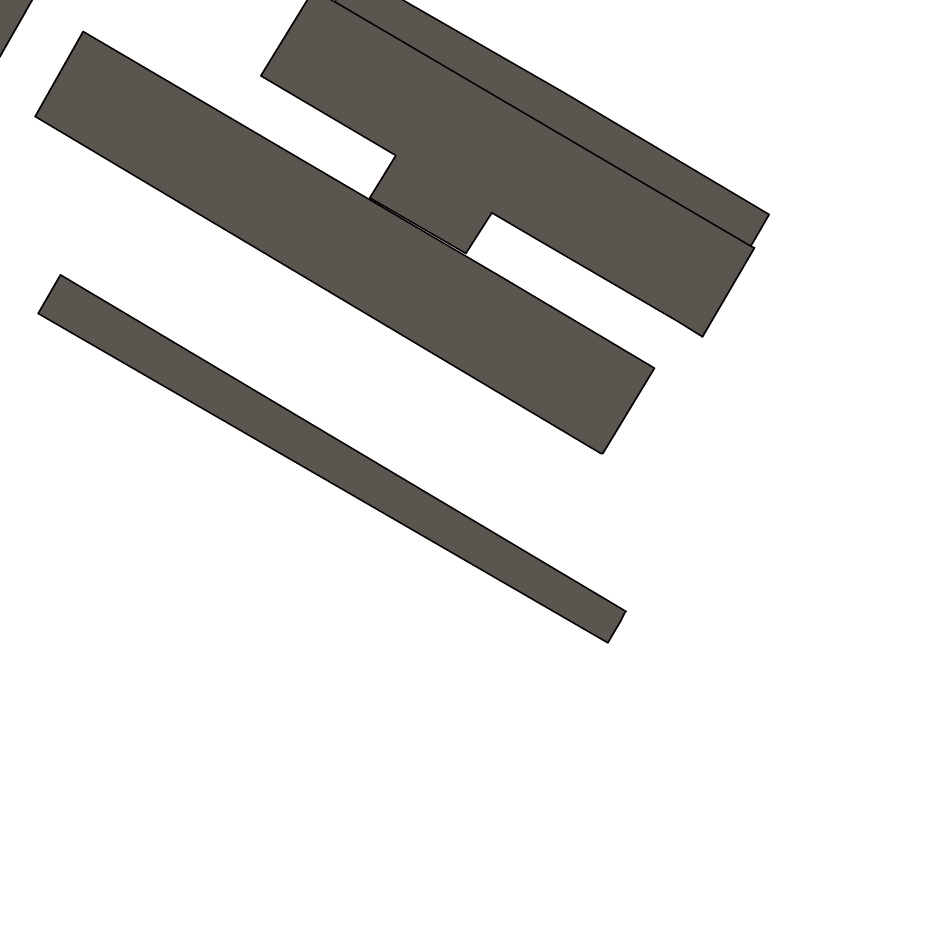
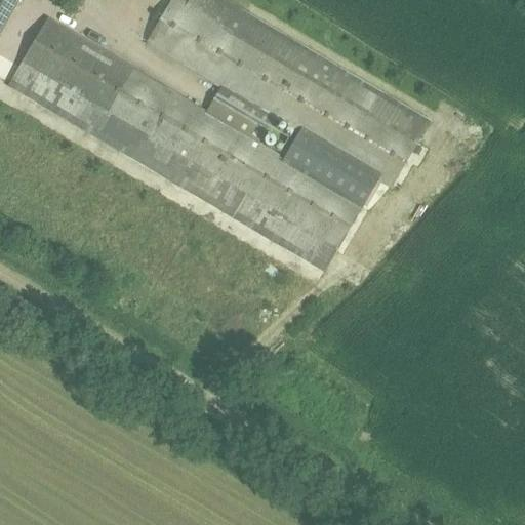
building: none -> [282,132,376,204]
building: [38,275,626,643] -> [7,65,333,269]

